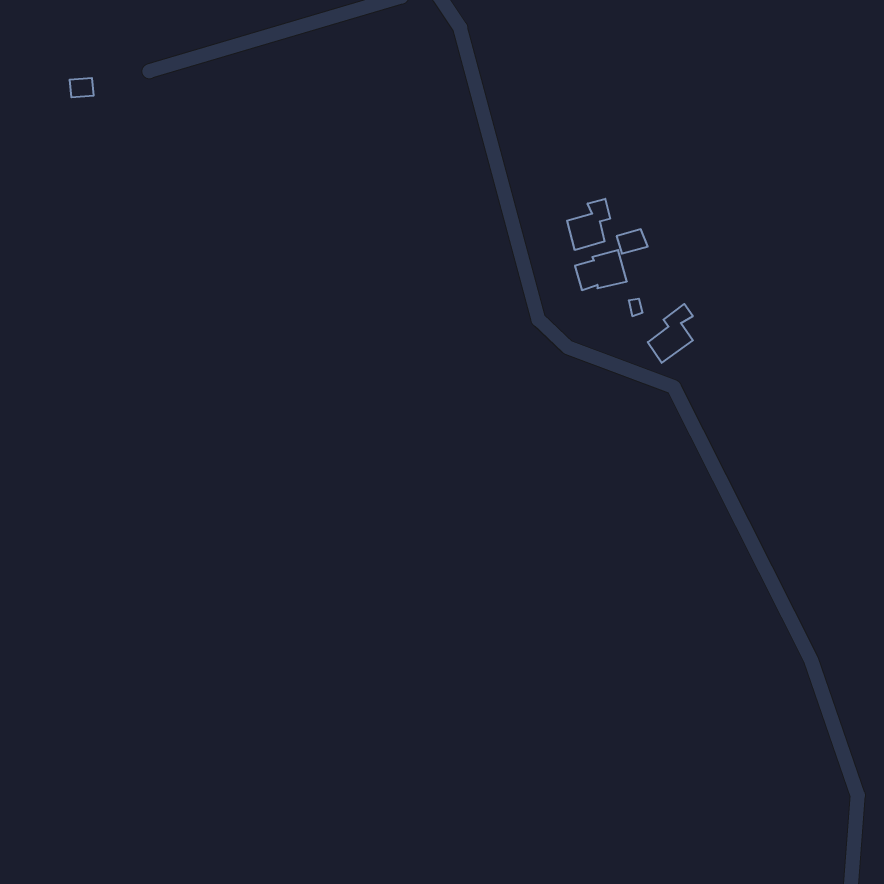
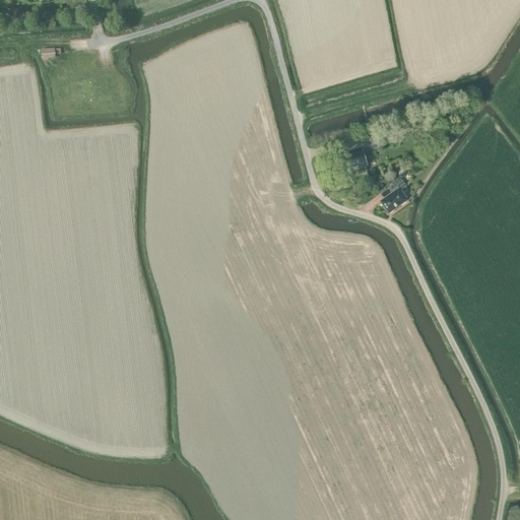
building: [567,199,610,250] -> none

